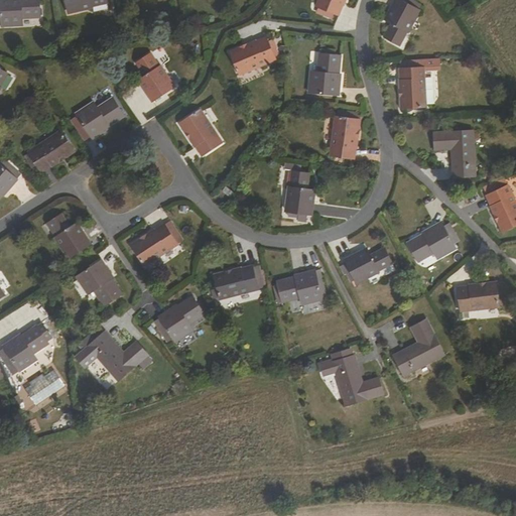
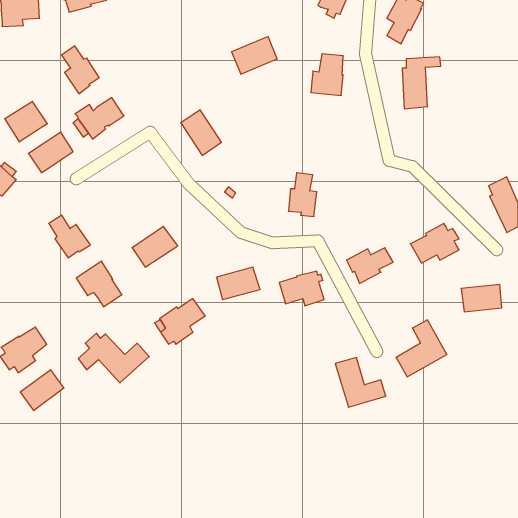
building: [135,54,172,102] -> [61,46,99,94]
building: none -> [5,101,47,142]
building: [331,116,359,157] -> none
building: [433,131,476,177] -> none

